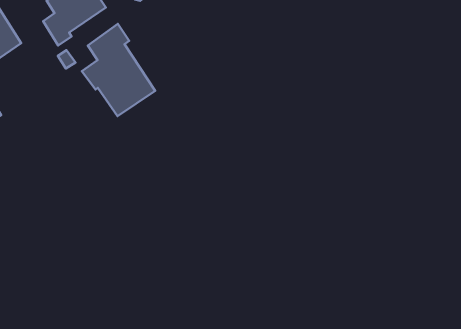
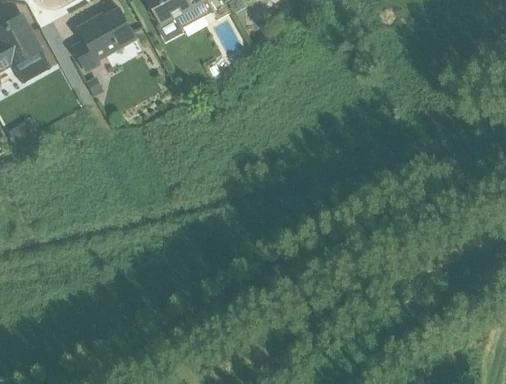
building: [82,24,155,116] -> none

